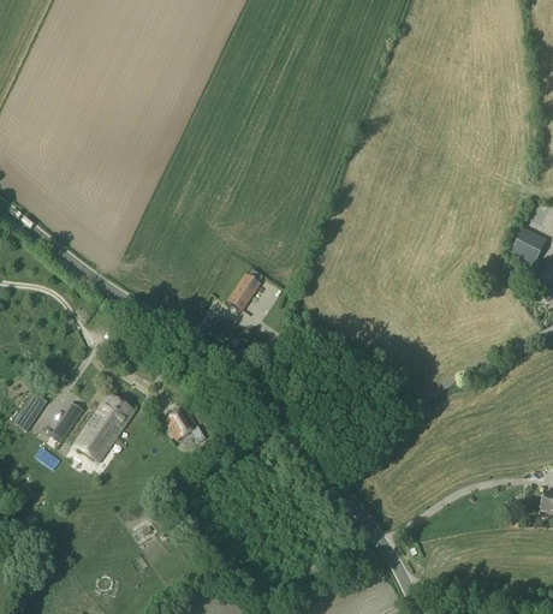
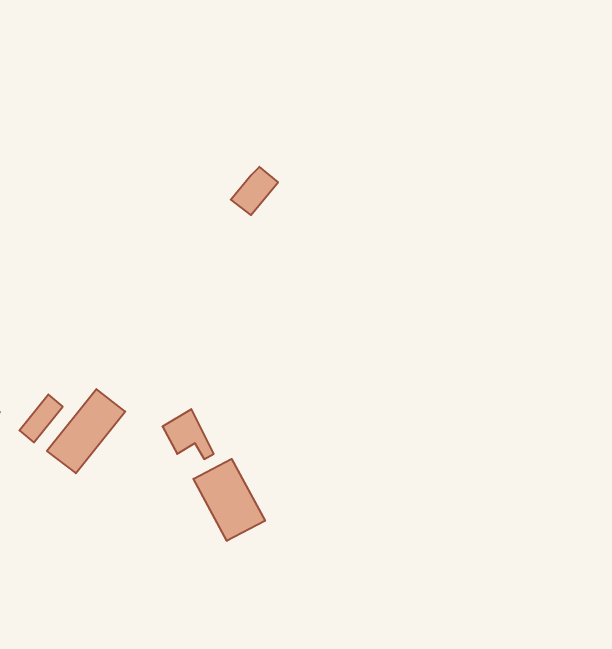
building: [226,273,262,311] -> [231,167,278,215]
building: none -> [193,459,265,541]

